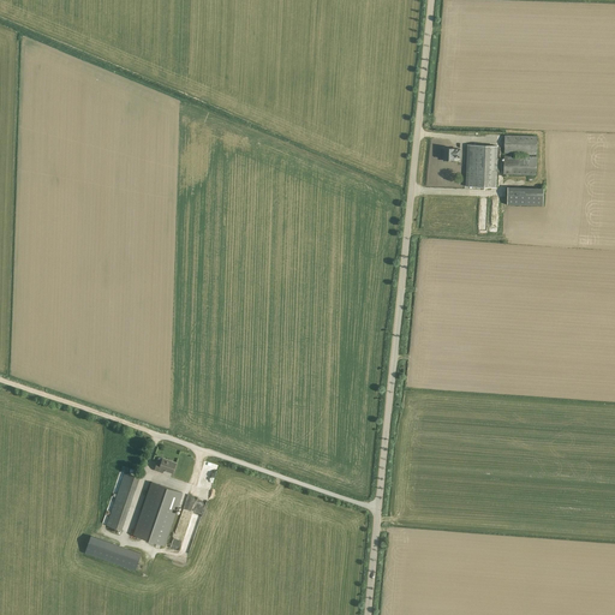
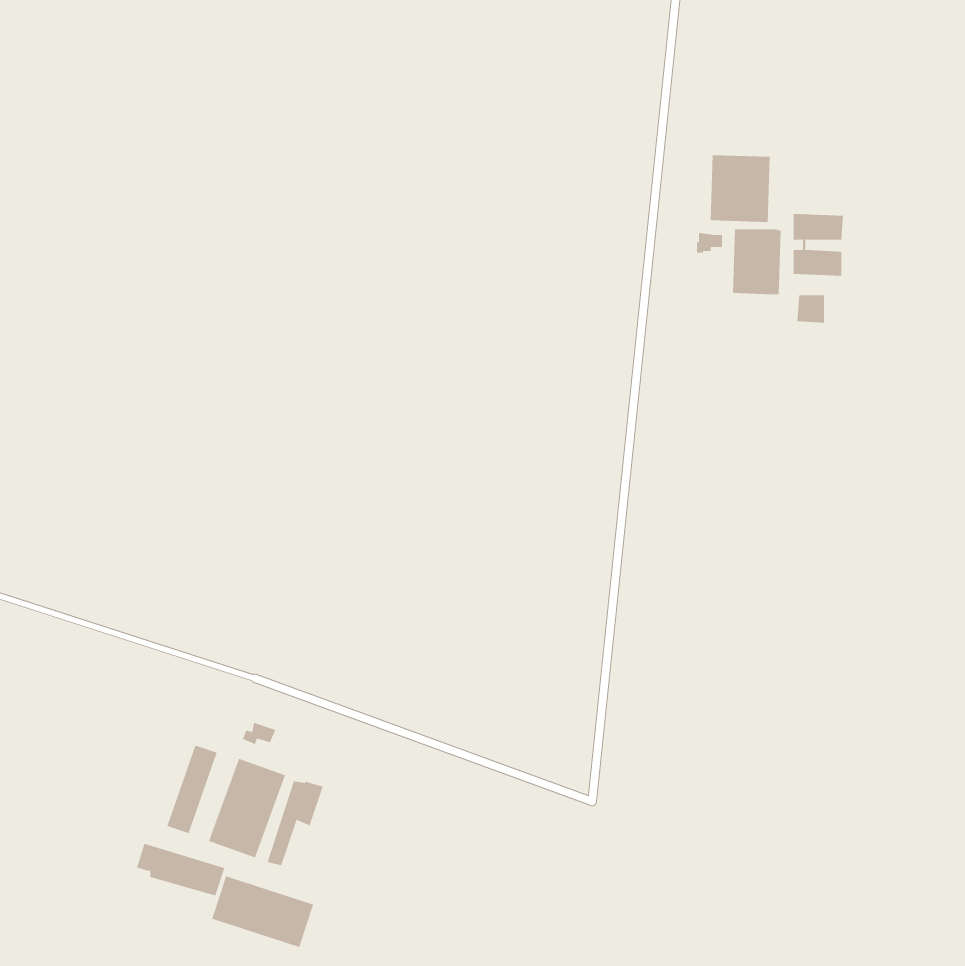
building: none -> [710,154,770,223]
building: none -> [211,876,314,948]

